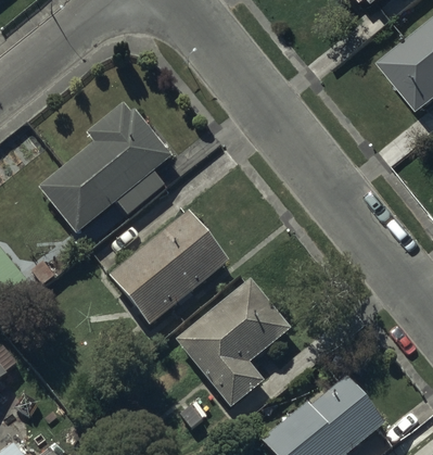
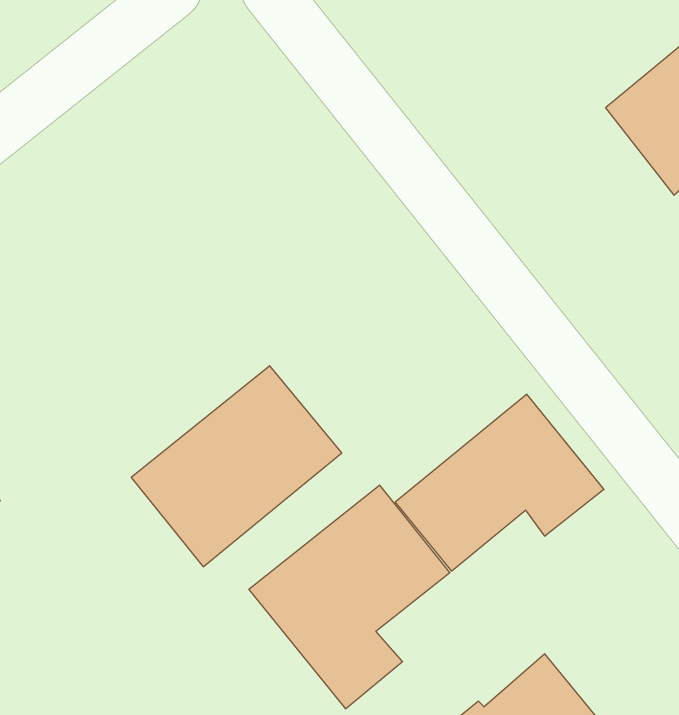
building: [38,103,173,233] -> none
building: none -> [395,394,604,571]

